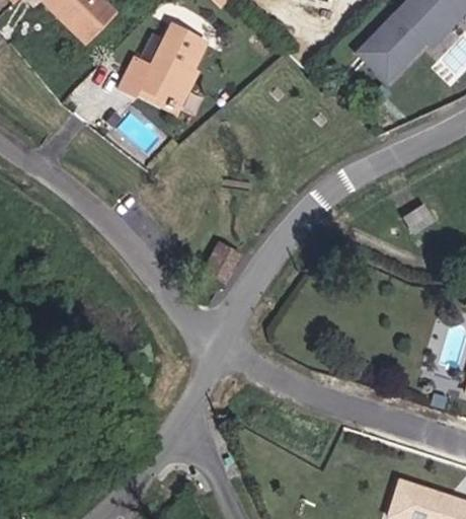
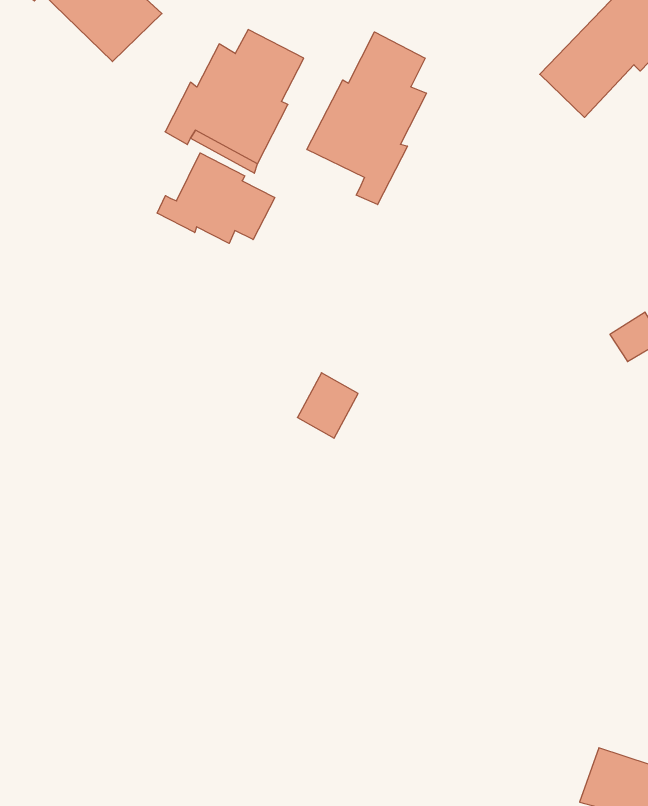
building: none -> [307,32,426,205]
building: none -> [157,153,275,243]

